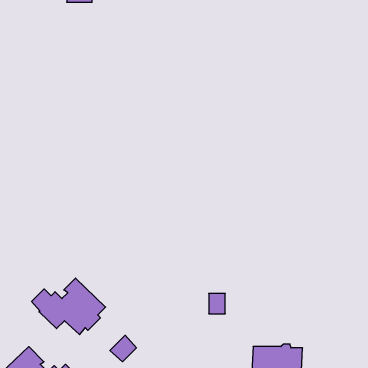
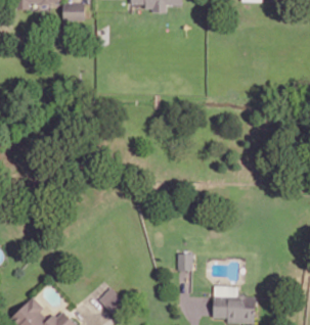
building: [32,278,106,335] -> none

